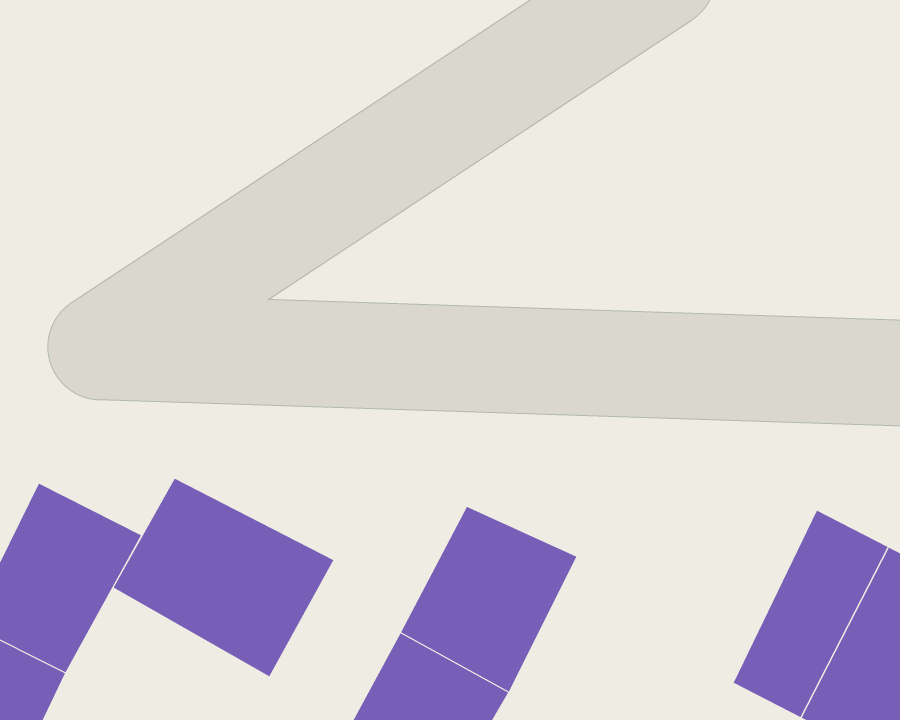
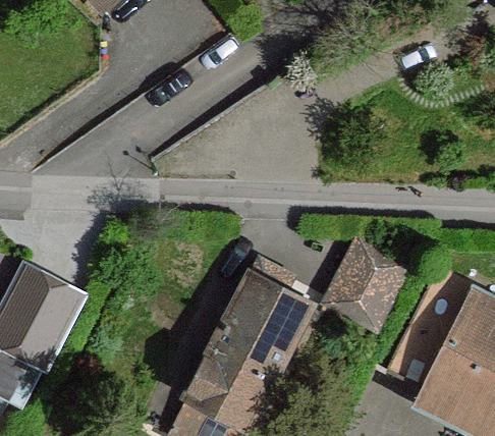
building: none -> [330,240,409,329]
building: [113,478,334,677] -> none

